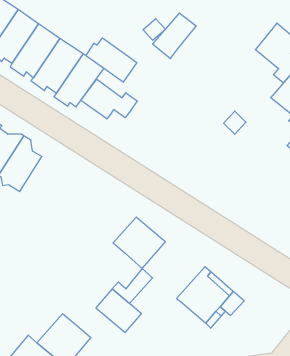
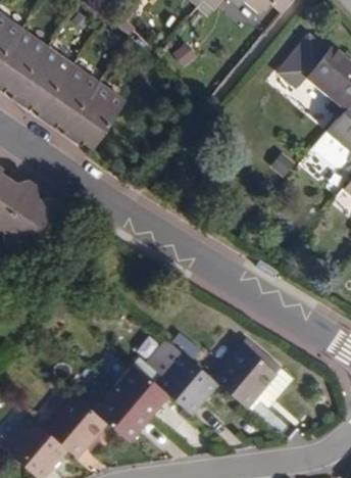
building: [153,13,196,59] -> [277,35,329,89]
building: [86,38,137,82] -> none
building: [81,79,137,119] -> none
building: [113,217,165,268] -> [156,350,218,412]
building: none -> [96,386,151,439]

